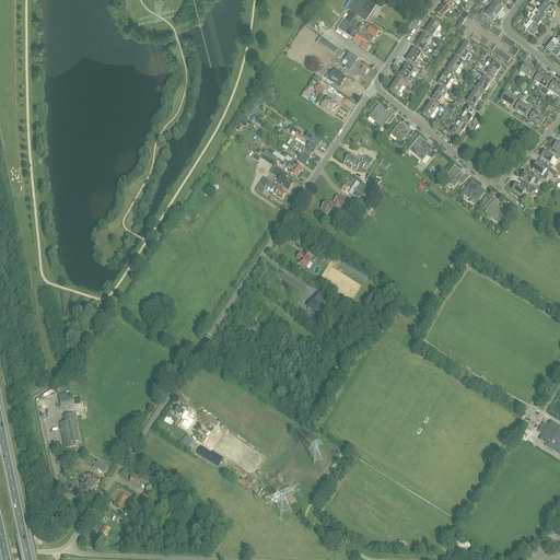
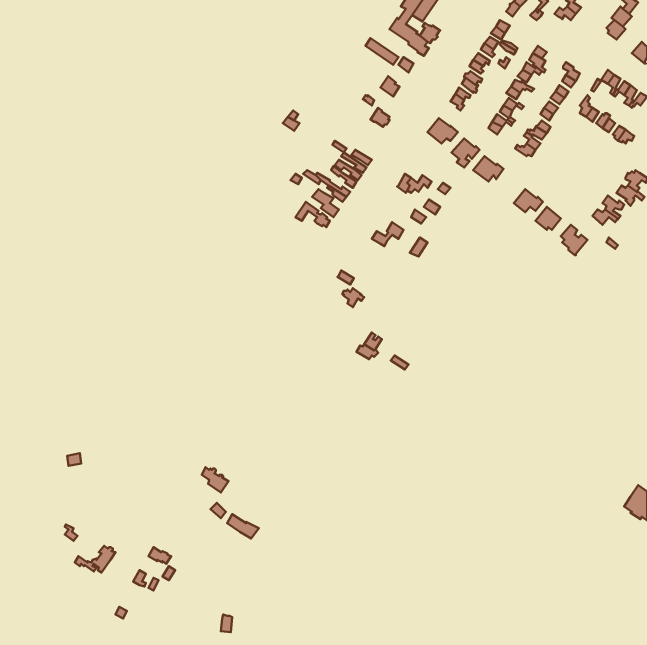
building: [59,410,79,445] -> none

